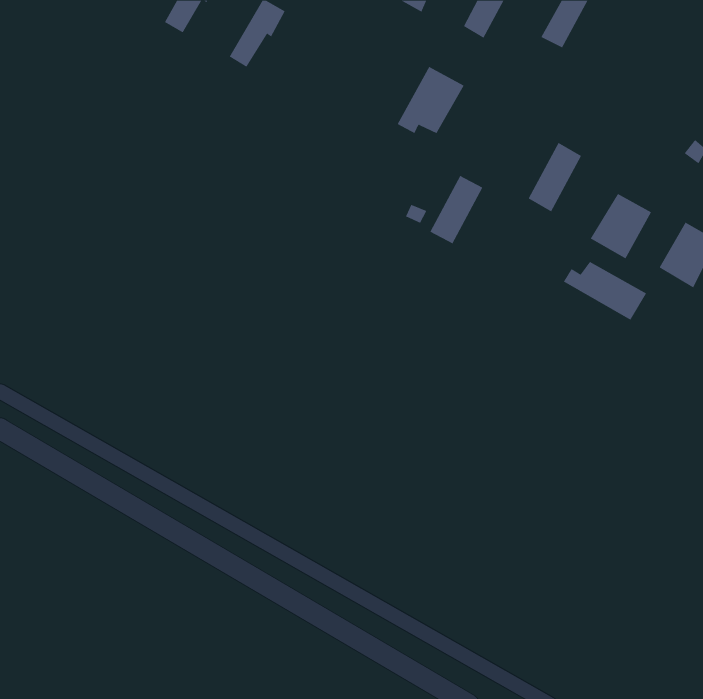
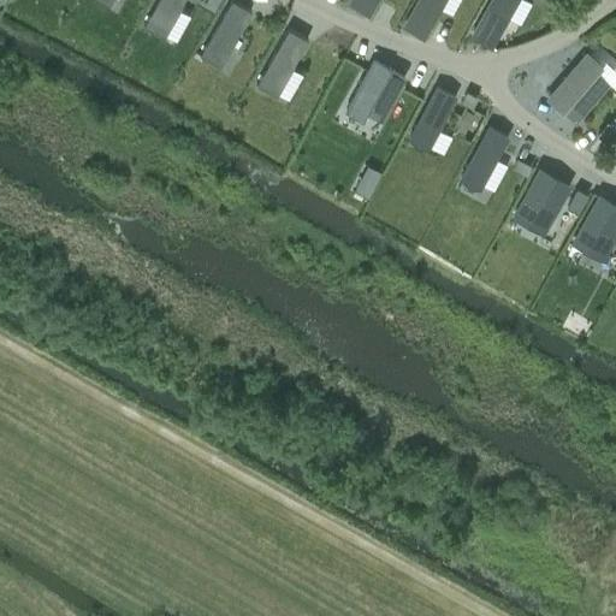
building: none -> [257,31,308,93]
building: none -> [550,57,608,124]
building: [429,175,483,244] -> [409,89,456,149]
building: [563,261,647,321] -> none

